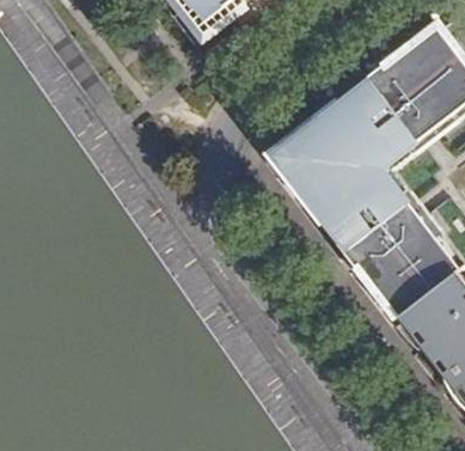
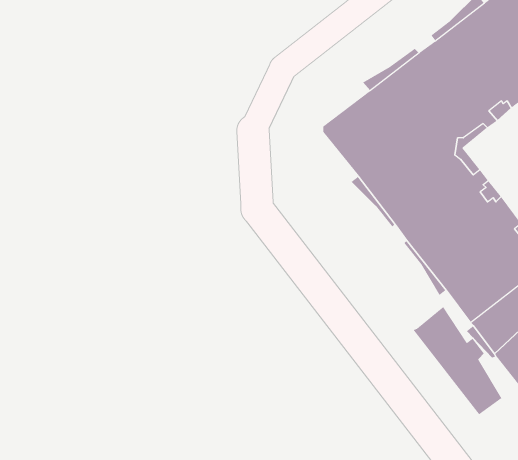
building: none -> [413,306,502,415]

